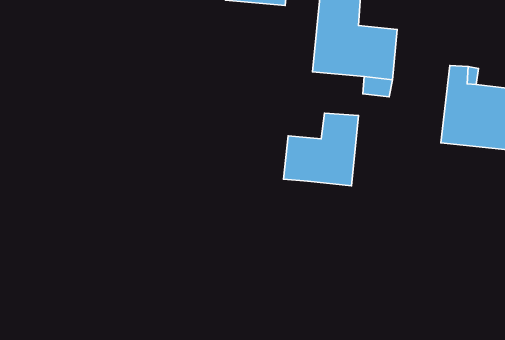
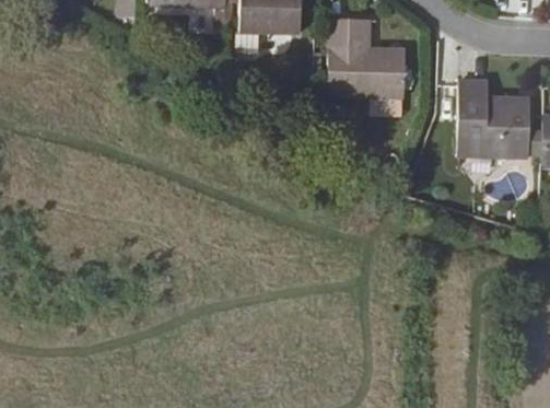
building: [284,113,358,186] -> none

